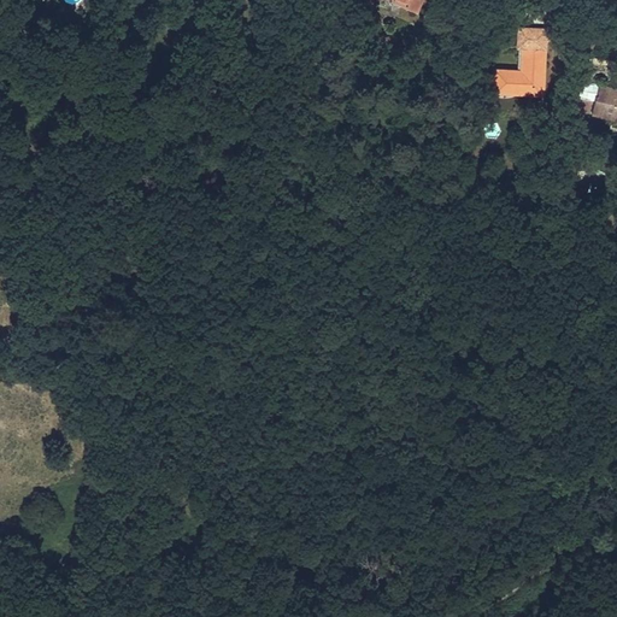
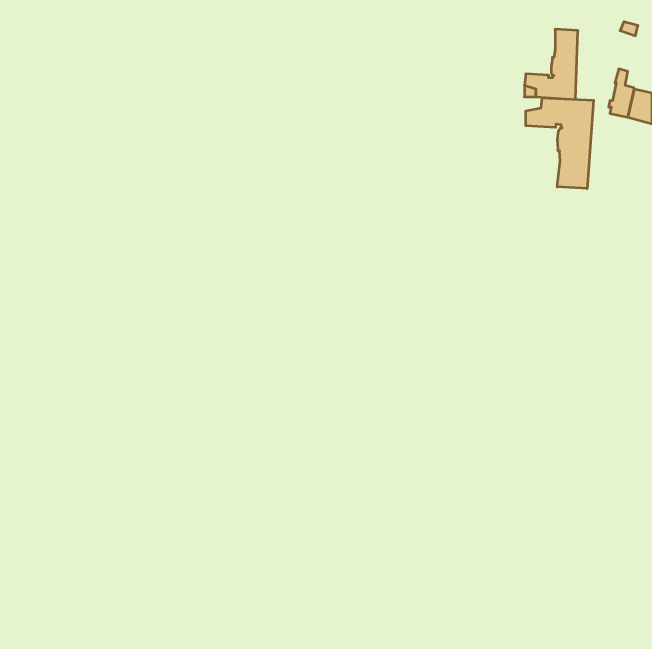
building: none -> [526,98,594,189]

